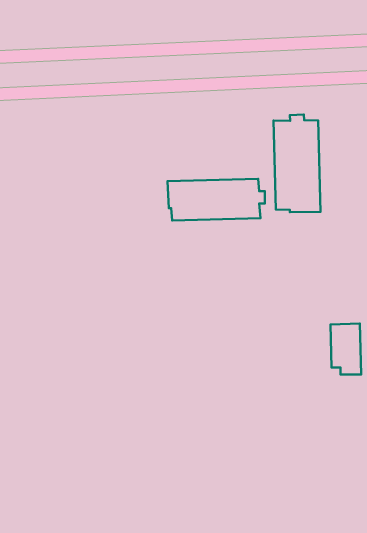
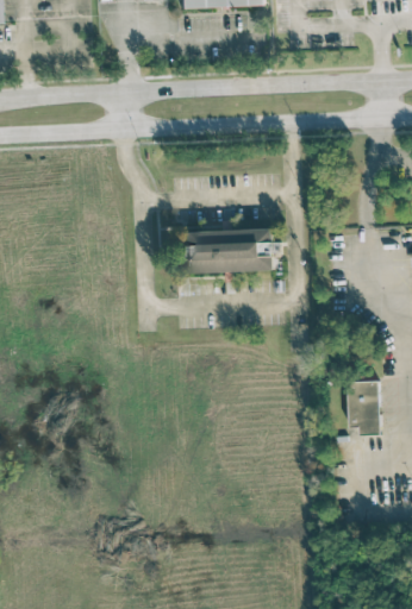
building: [274,115,321,212] -> none

